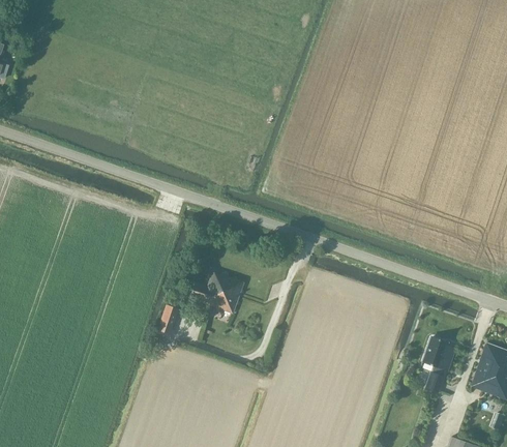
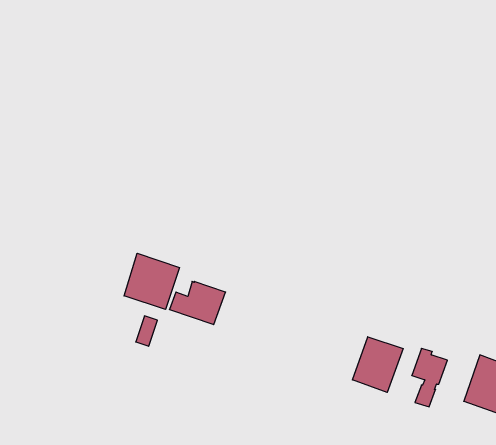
building: none -> [124,253,179,309]
building: none -> [352,337,403,392]

